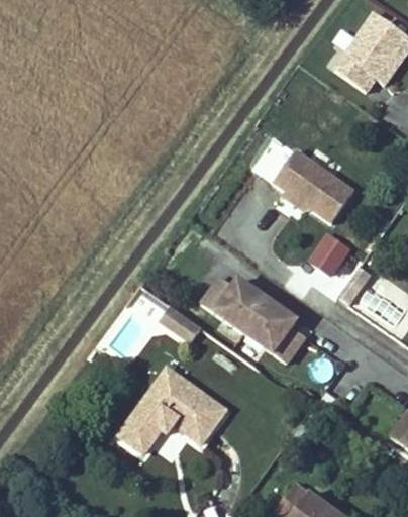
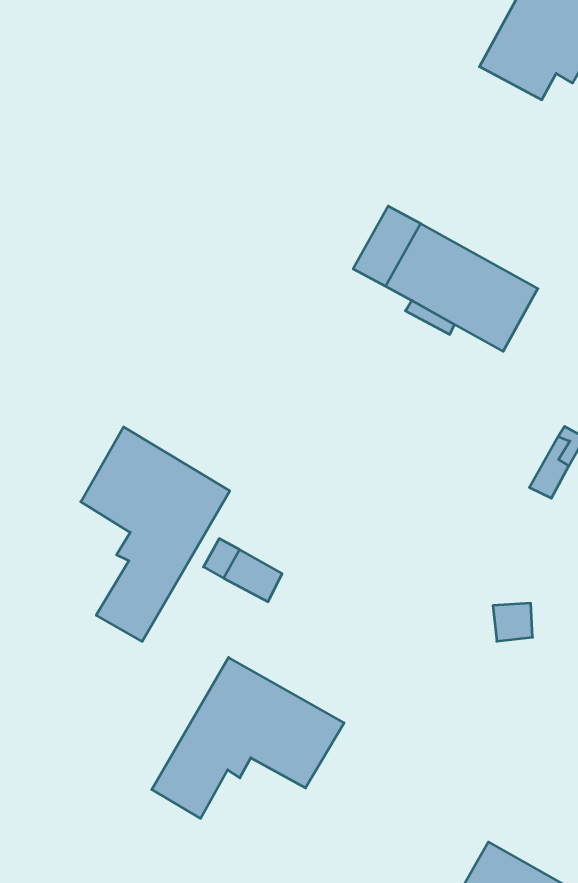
building: [305,232,351,279] -> none
building: none -> [81,427,230,641]
building: [202,277,306,363] -> none

